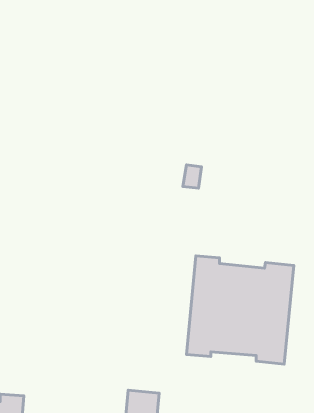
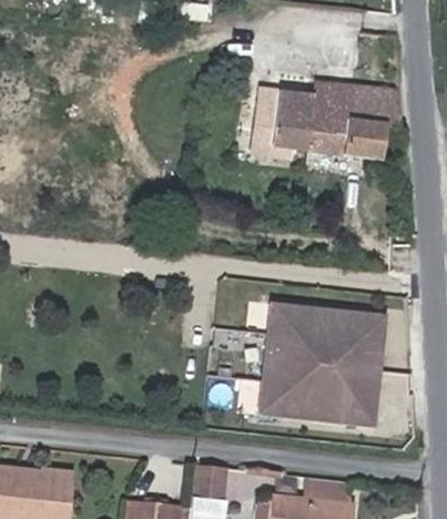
building: none -> [247,83,394,162]

